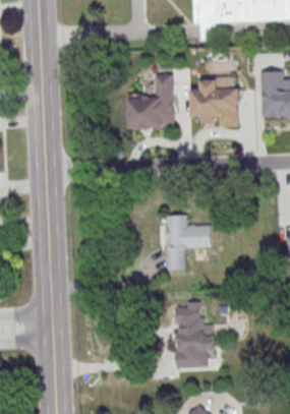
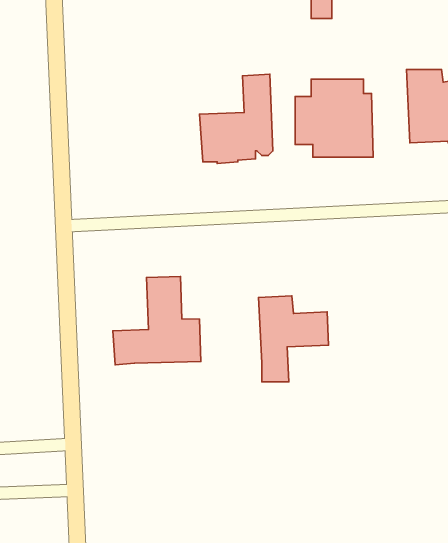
building: none -> [113,277,201,365]
building: [176,302,218,369] -> none

